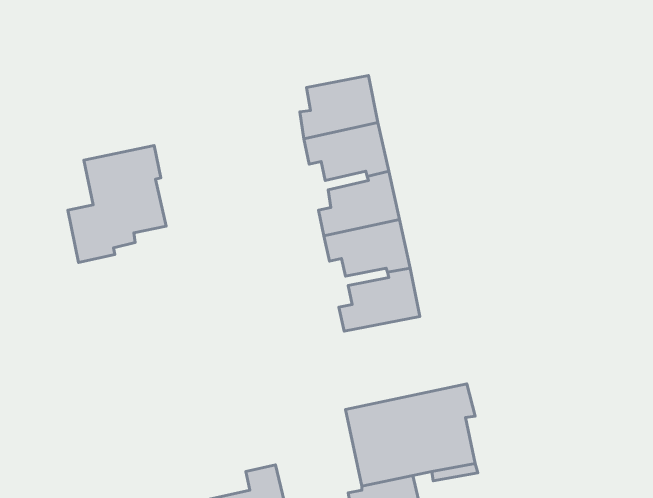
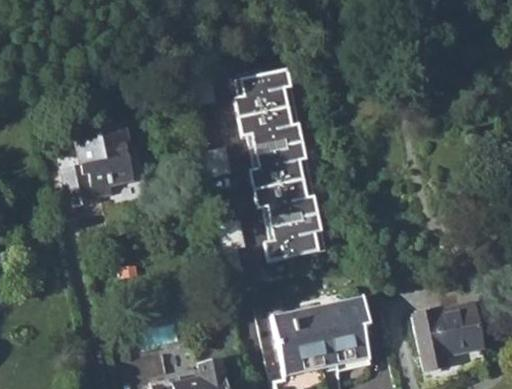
building: none -> [413,309,482,371]

